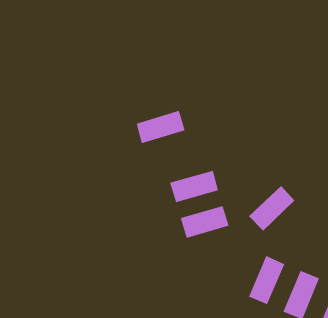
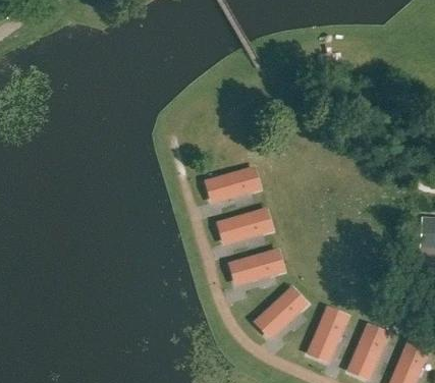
building: [136,110,186,144] -> [205,165,262,204]
building: [248,185,295,231] -> [254,285,308,338]

